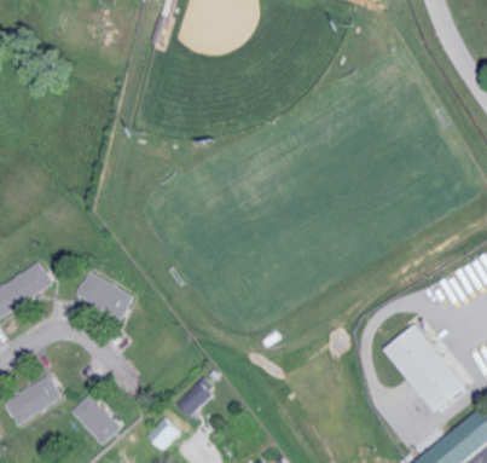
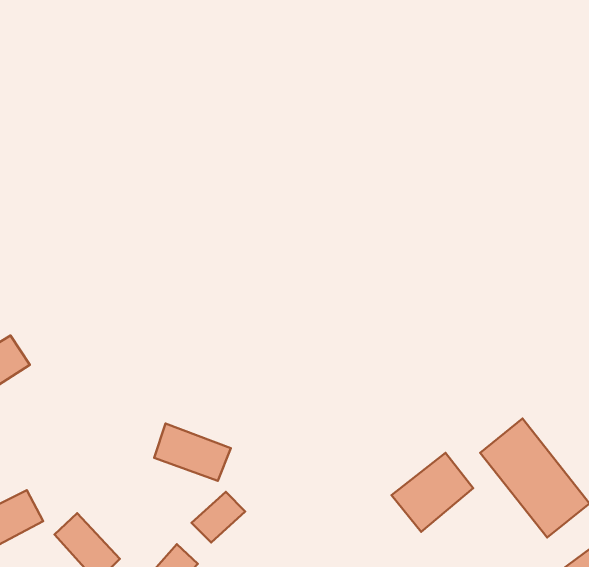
building: [75,273,132,316] -> [154,424,231,481]
building: none -> [392,453,473,532]

